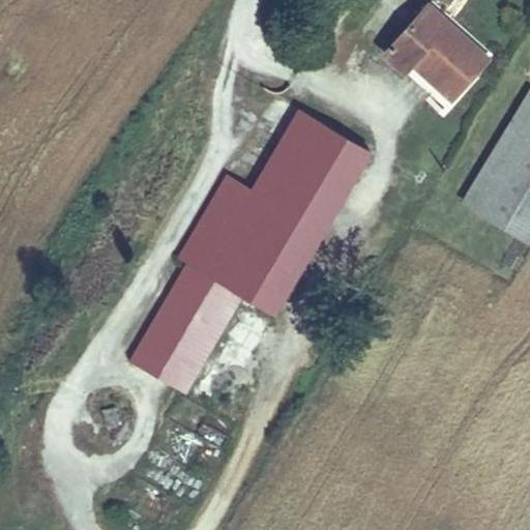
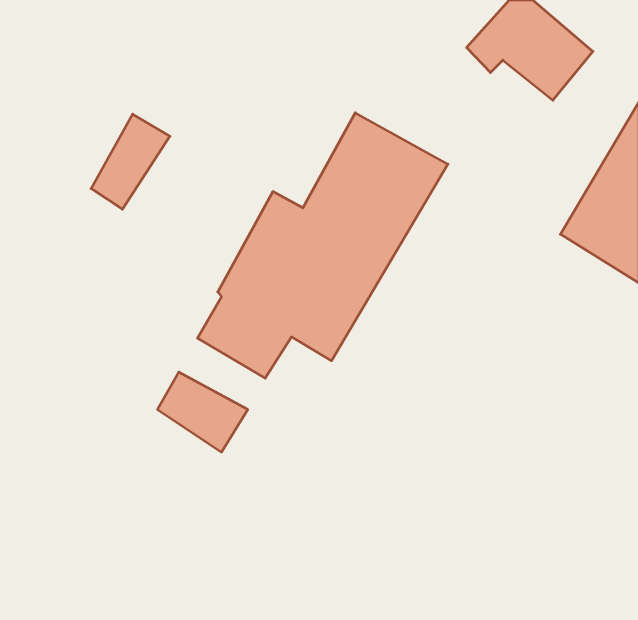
building: none -> [91,114,170,209]
building: [149,296,220,355] -> none

